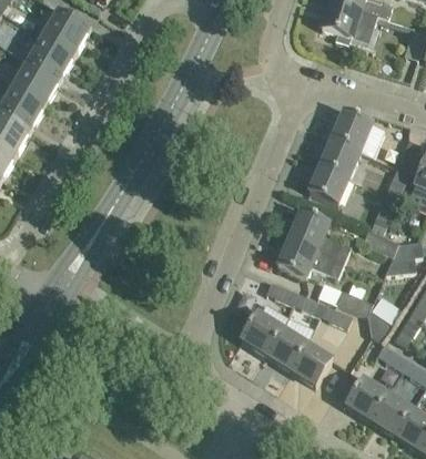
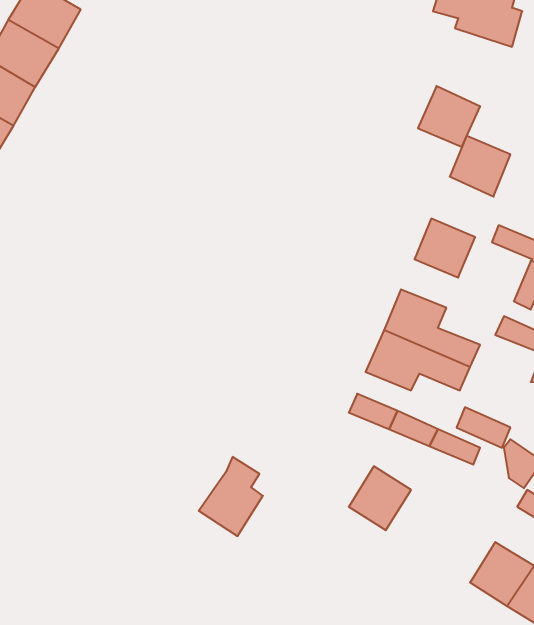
building: [320,136,361,176] -> [418,86,480,147]
building: [240,302,282,354] -> [199,457,263,536]
building: [290,343,332,385] -> none

